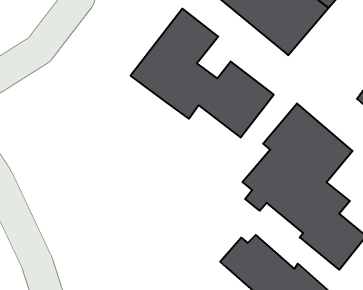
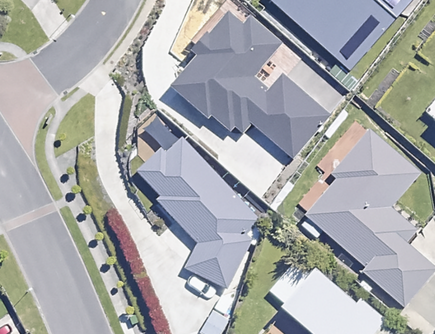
building: none -> [135,136,260,290]

